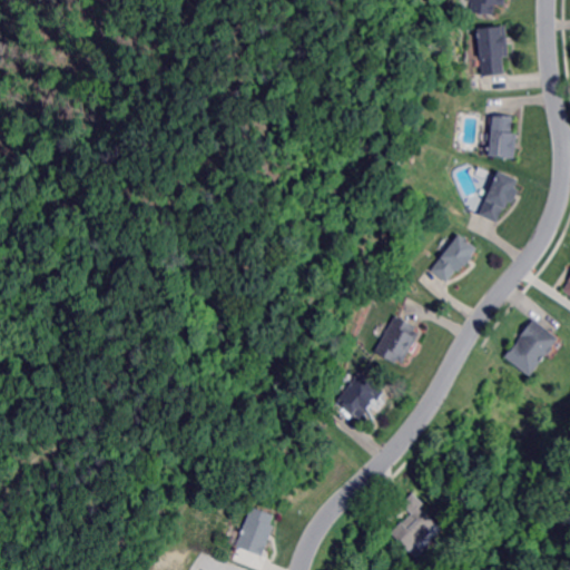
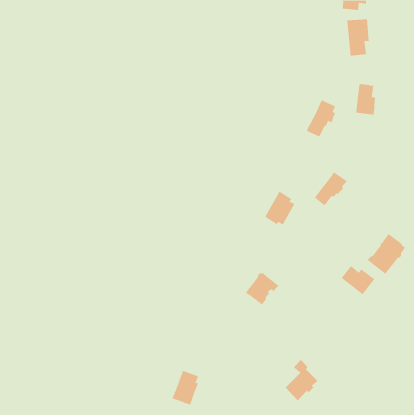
building: [478,171,518,224] -> [307,100,336,138]
building: [372,316,414,363] -> [264,191,295,225]
building: none -> [341,265,375,295]

